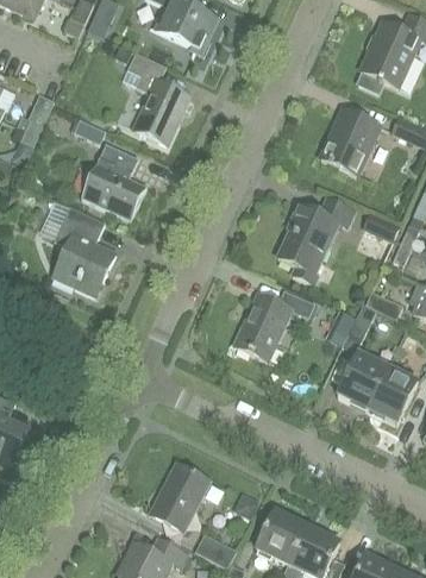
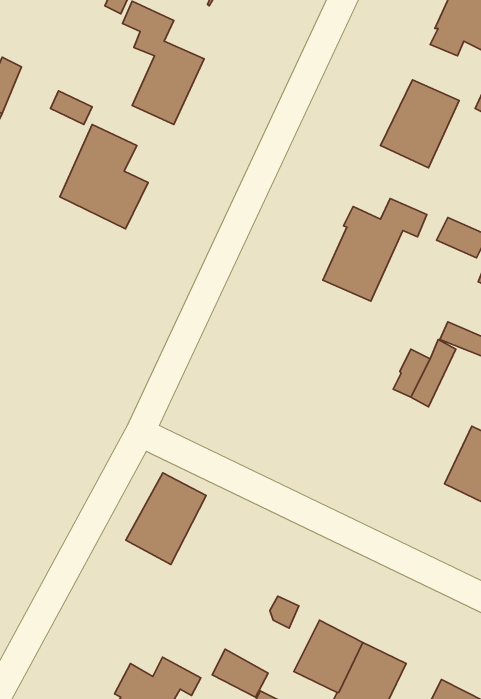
building: [54,205,115,295] -> none
building: [234,289,313,360] -> none
building: [337,352,387,409] -> none
building: [149,463,208,530] -> [126,473,206,564]

